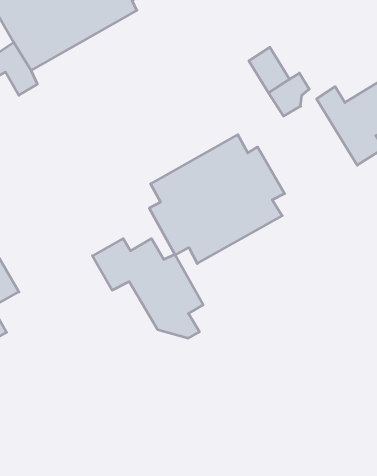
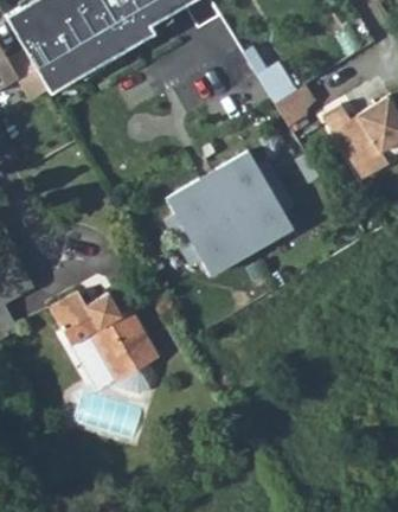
building: [92,239,203,338] -> [56,305,162,401]

